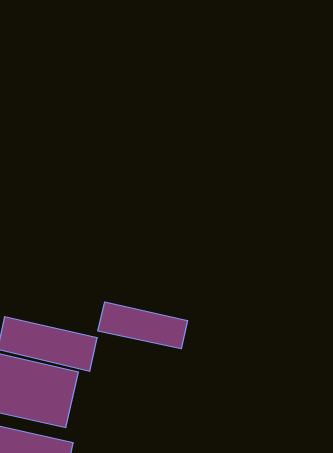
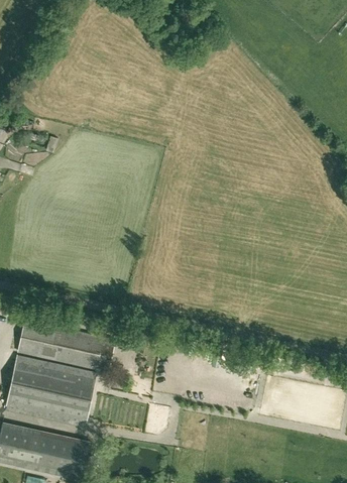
building: [98,302,188,349] -> none

